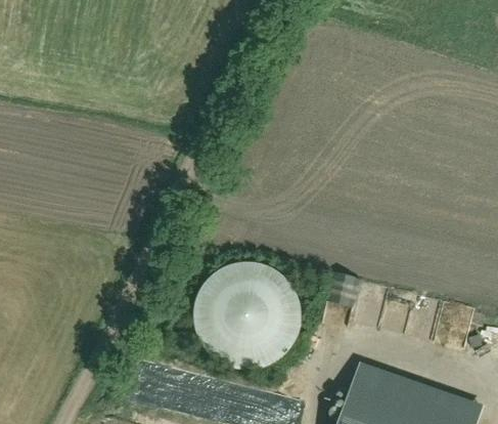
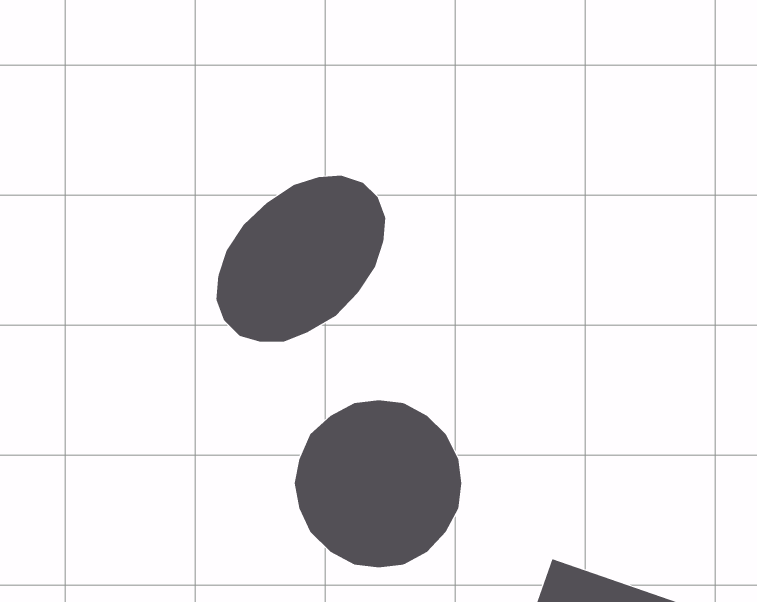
building: none -> [216,175,386,342]

